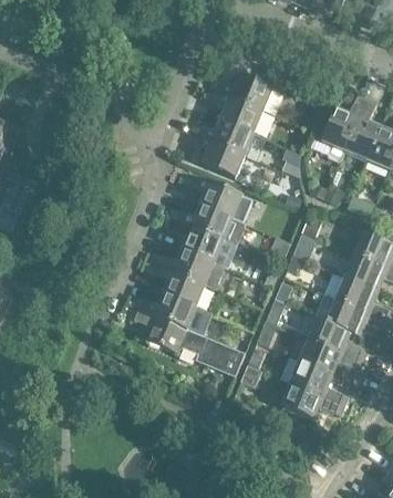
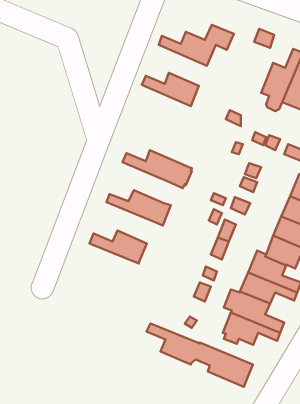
building: [204,87,261,133] -> none
building: [185,132,244,177] -> none
building: [183,172,251,222] -> none
building: [164,217,223,262] -> none
building: [146,261,205,307] -> none
building: [127,307,245,376] -> [147,323,253,387]

